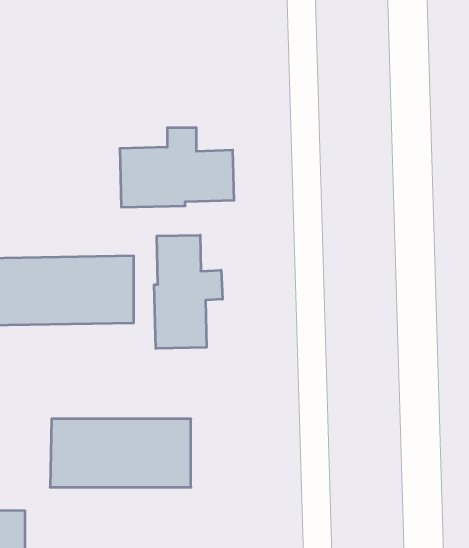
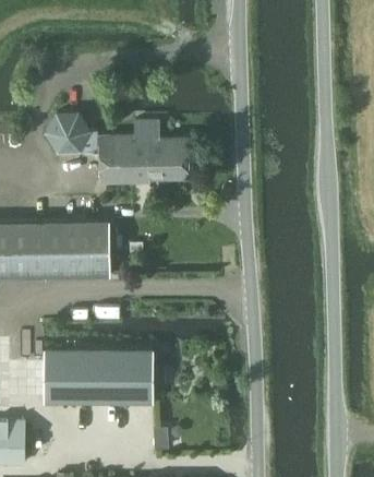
building: none -> [46,114,92,153]
building: [154,235,222,349] -> none

